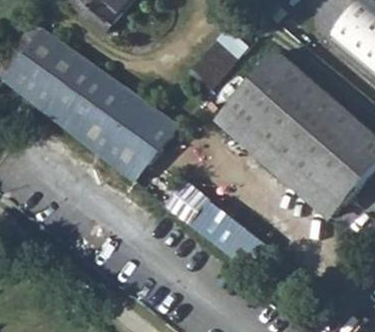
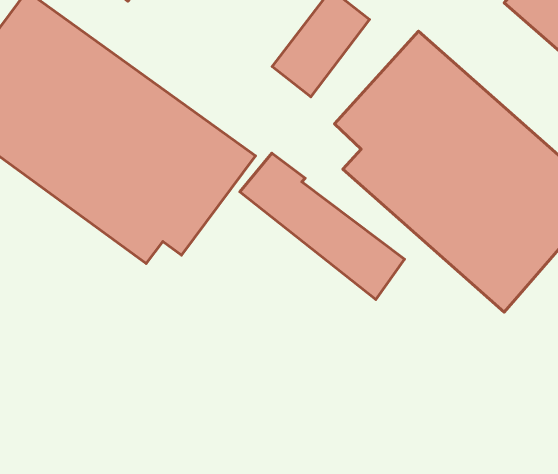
building: [166,180,265,267] -> [240,153,404,299]

